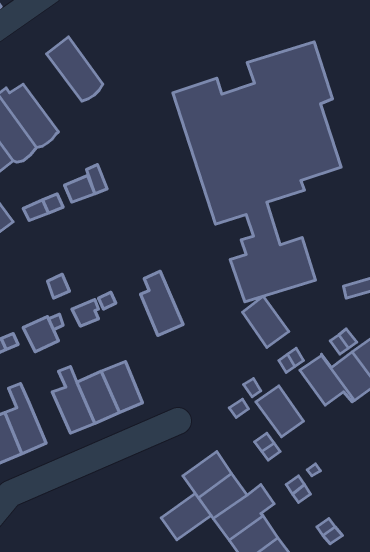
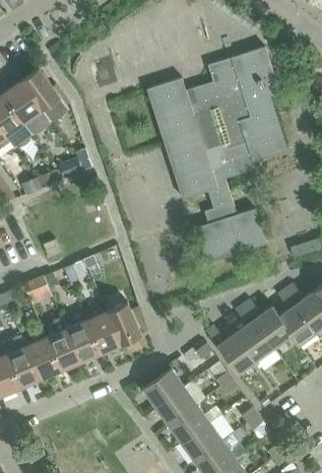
building: [47,37,103,101] -> [22,66,69,120]
building: [141,271,183,336] -> [108,292,143,346]
building: [243,296,289,347] -> [236,319,274,361]
building: none -> [27,337,62,380]
building: [161,494,211,540] -> [142,368,184,407]

